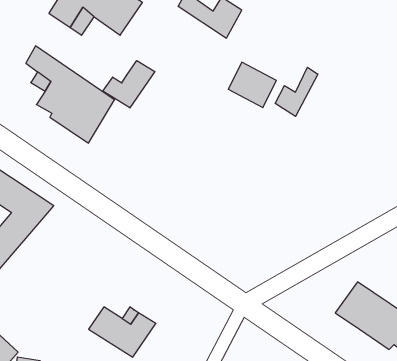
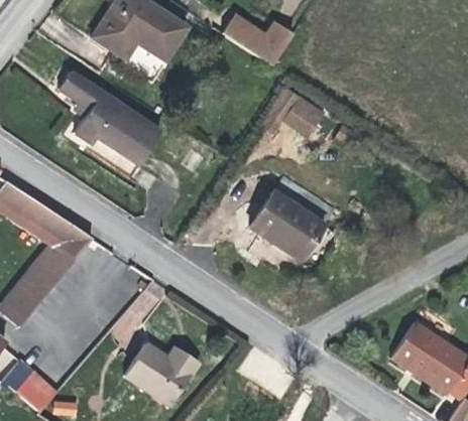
building: [103,61,155,108] -> none
building: [275,67,318,116] -> none
building: none -> [249,189,319,255]

